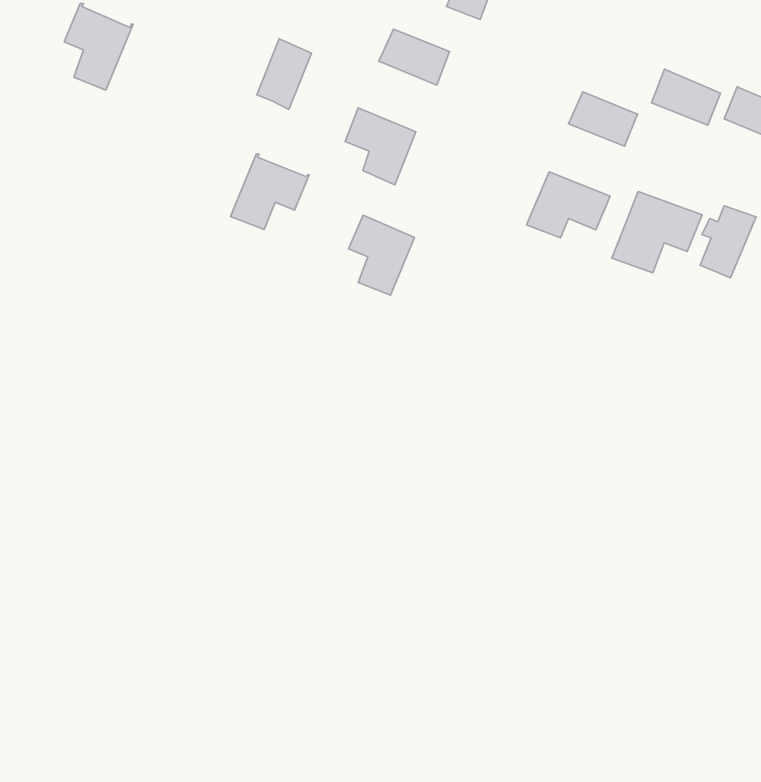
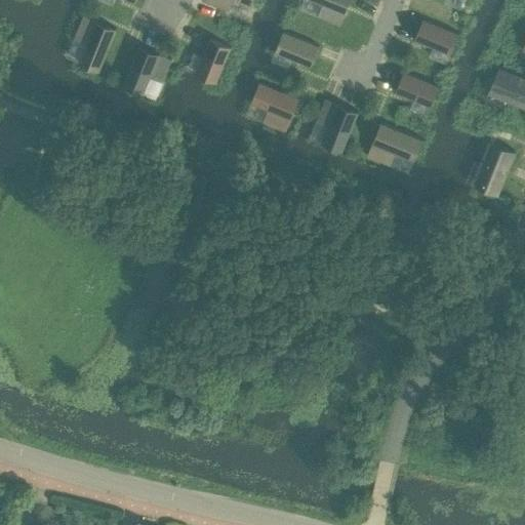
building: [652,69,721,125] -> [413,21,457,56]
building: [230,154,309,230] -> [121,48,171,96]
building: [612,191,702,273] -> none
building: [349,215,414,295] -> [315,102,357,153]

